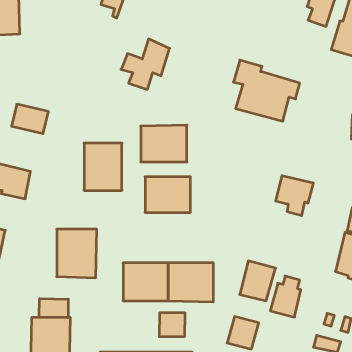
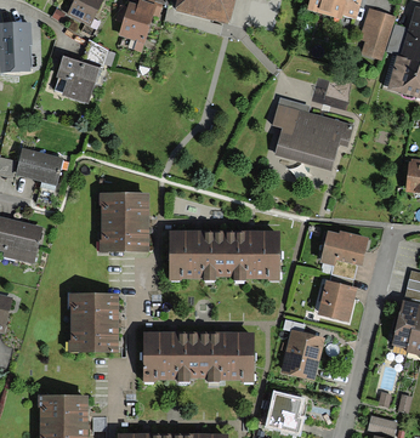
building: [121,39,170,89] -> [56,41,112,99]
building: [141,125,187,162] -> [223,232,277,274]
building: [270,276,301,317] -> [318,273,353,320]
building: [39,299,68,318] -> none
building: [159,313,185,337] -> none

